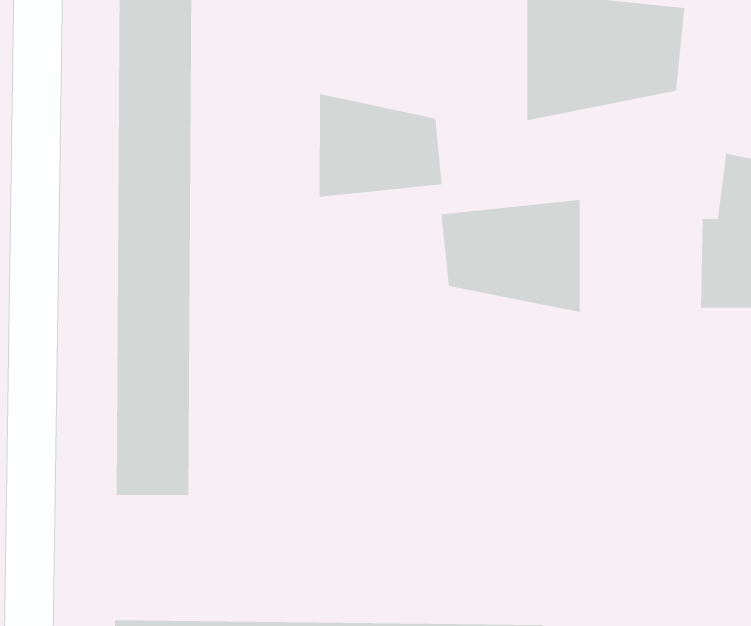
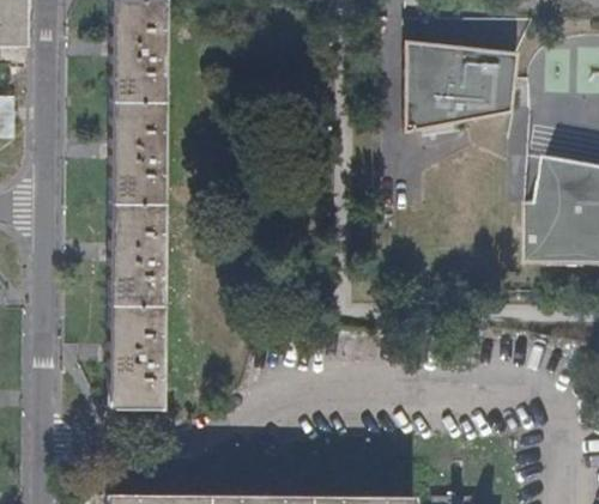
building: [319,93,442,198] -> none
building: [441,199,580,313] -> none

